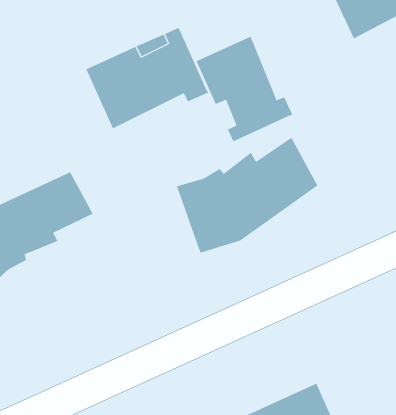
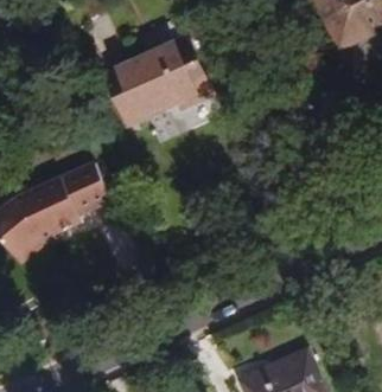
building: [196,36,293,142] -> none
building: [176,137,318,253] -> none

